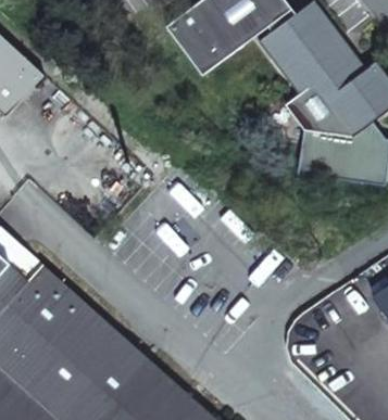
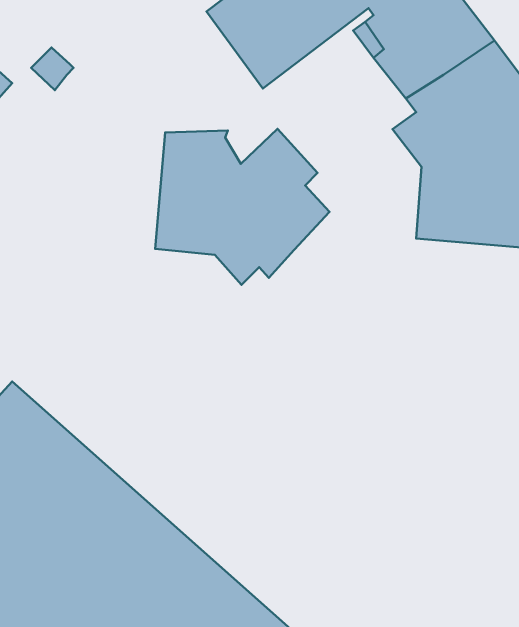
building: none -> [155,129,330,285]

